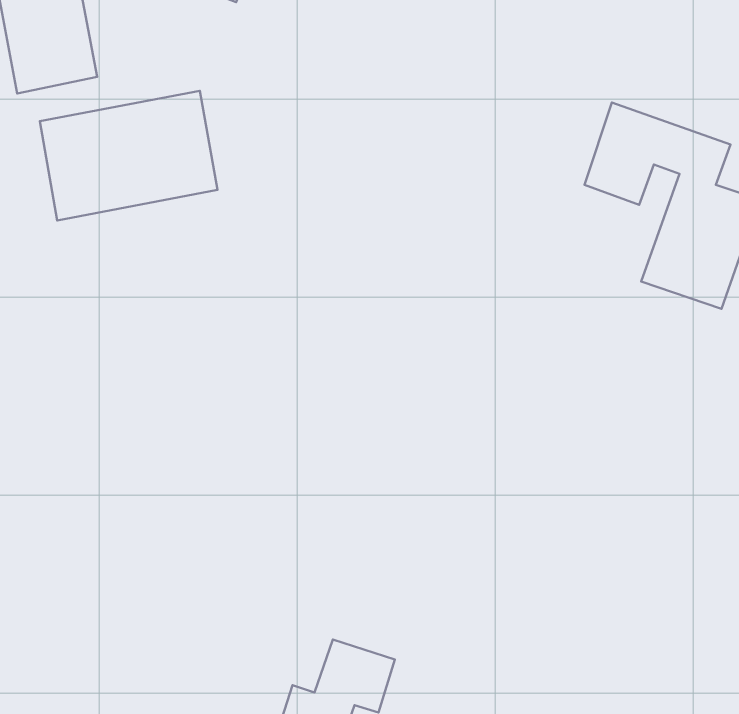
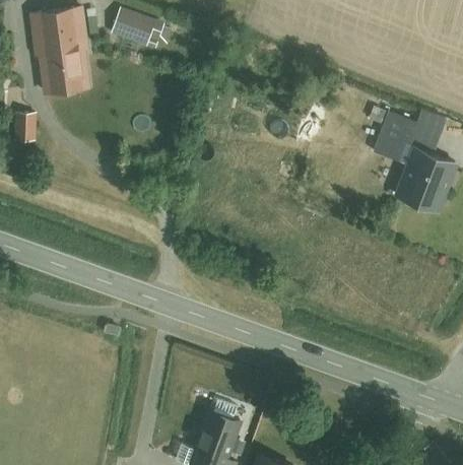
building: [40,91,217,220] -> none

